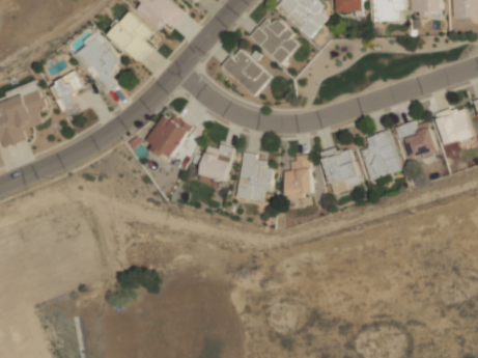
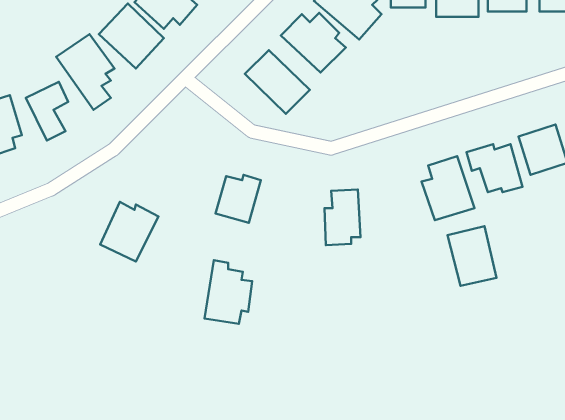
building: [145,114,191,161] -> [100,202,158,262]
building: [321,146,360,193] -> [447,226,496,286]
building: [236,153,274,202] -> [204,260,252,324]

